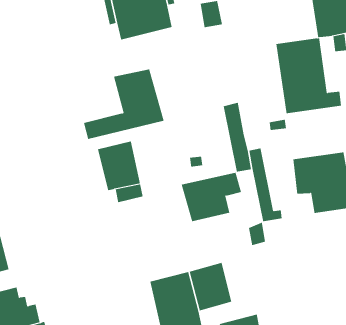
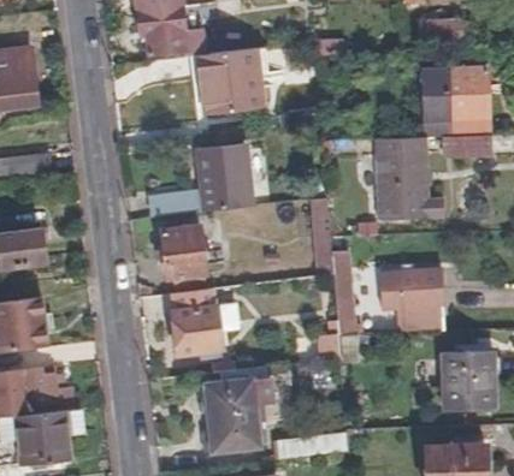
building: [181,172,242,222] -> [172,298,240,347]

